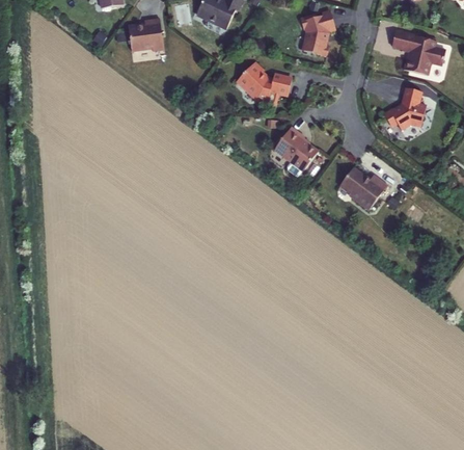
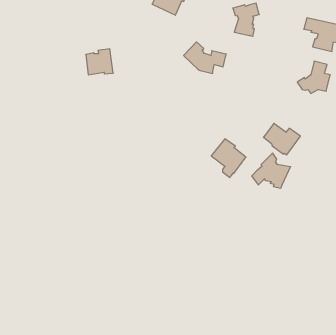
building: [128,18,163,51] -> [86,49,113,75]
building: [273,127,318,177] -> [211,139,246,177]
building: none -> [252,153,291,188]

